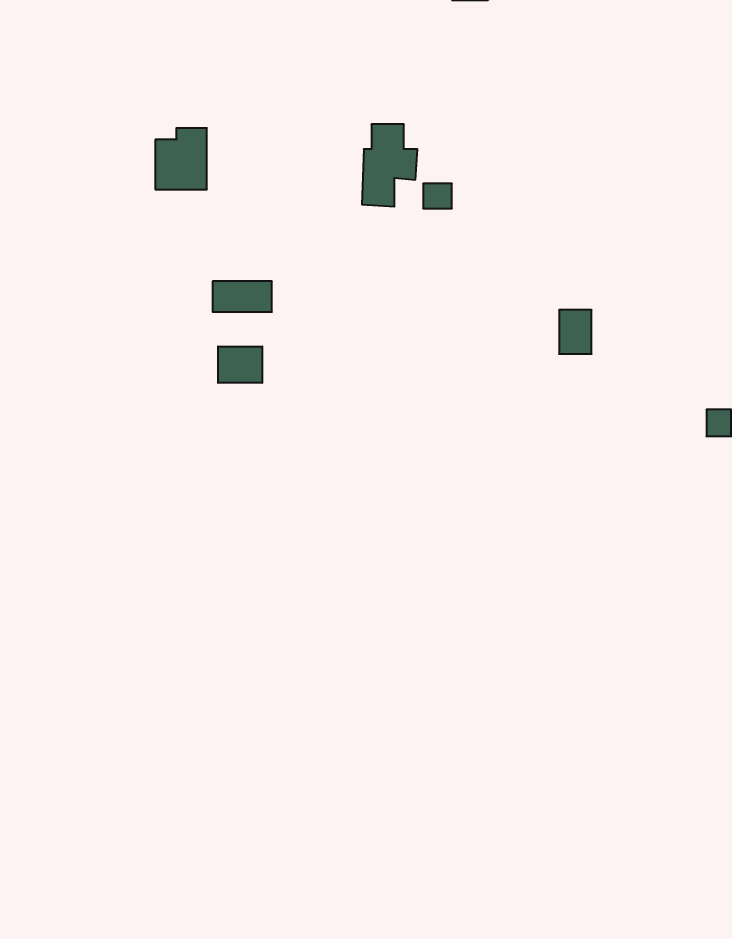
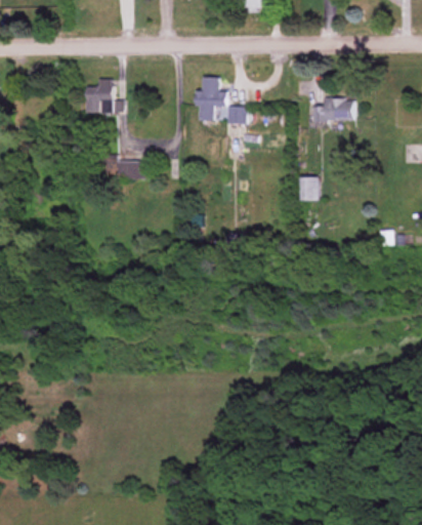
building: none -> [312,98,353,121]
building: [218,346,262,383] -> none

